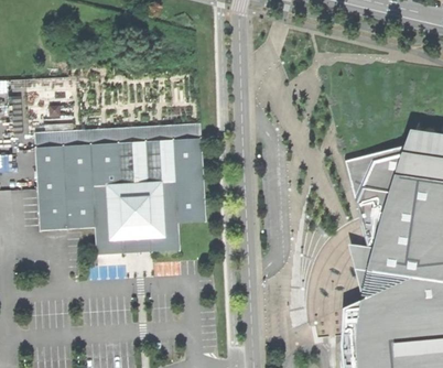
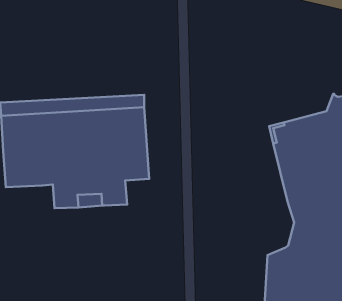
building: [349,245,374,300] -> none

